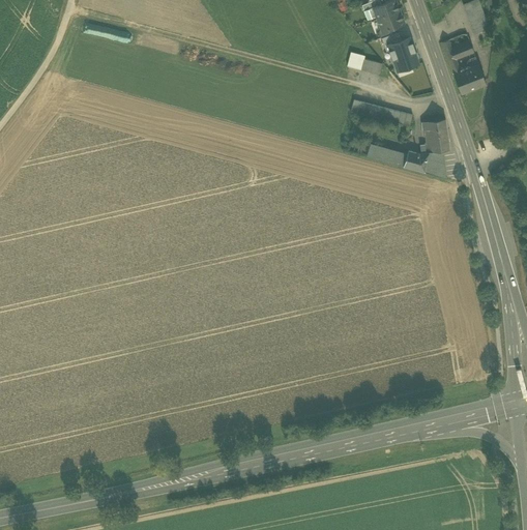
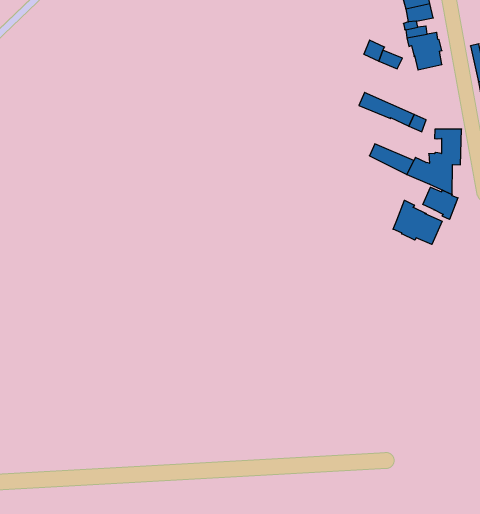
building: none -> [423,187,458,219]
building: none -> [393,200,442,244]

